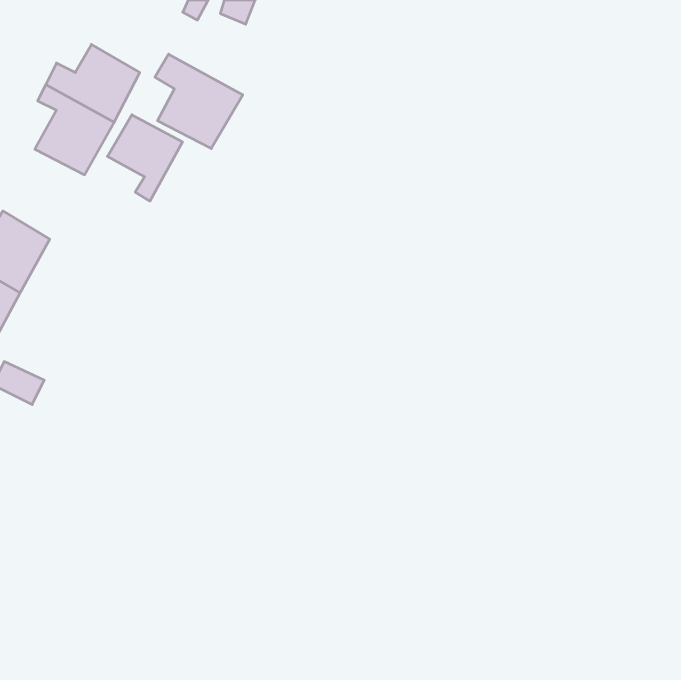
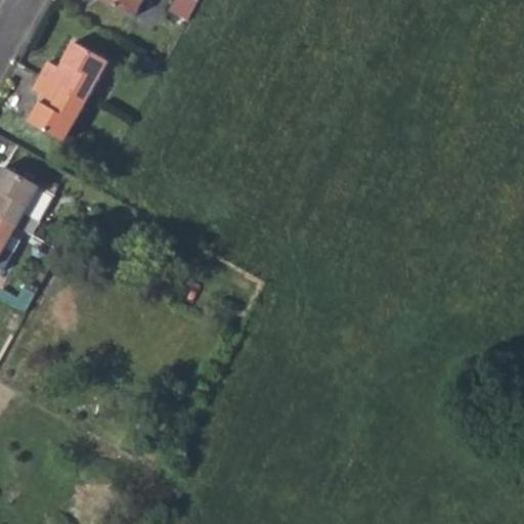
building: [155,54,243,149] -> none
building: [107,115,182,201] -> none

